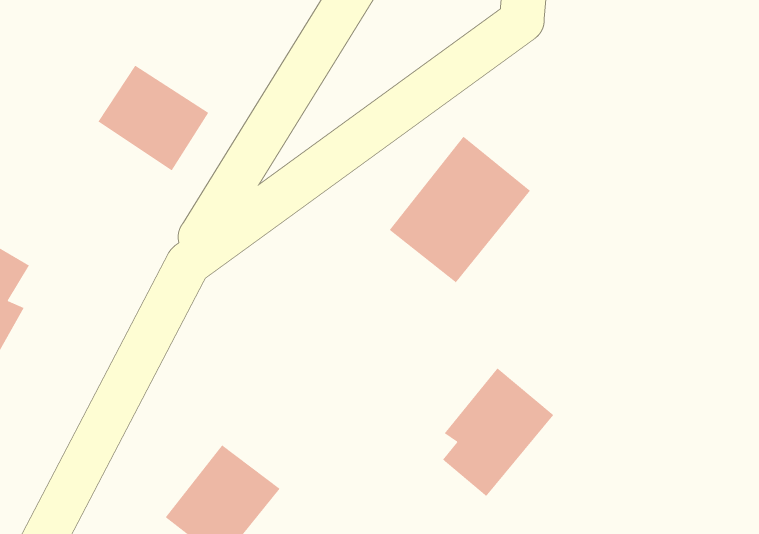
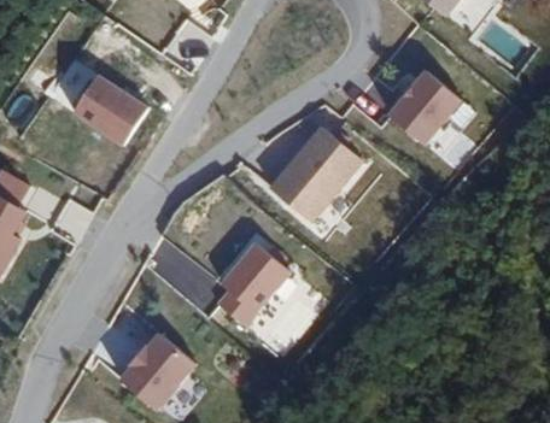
building: none -> [384,67,461,145]
building: [442,367,554,497] -> [215,239,291,327]

